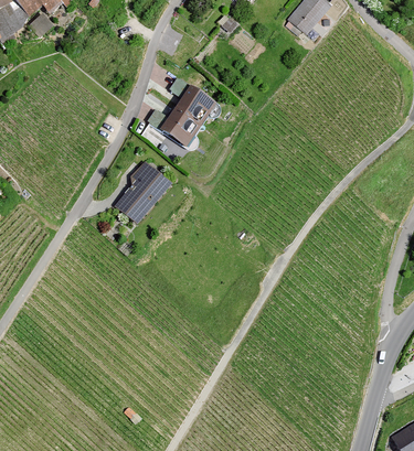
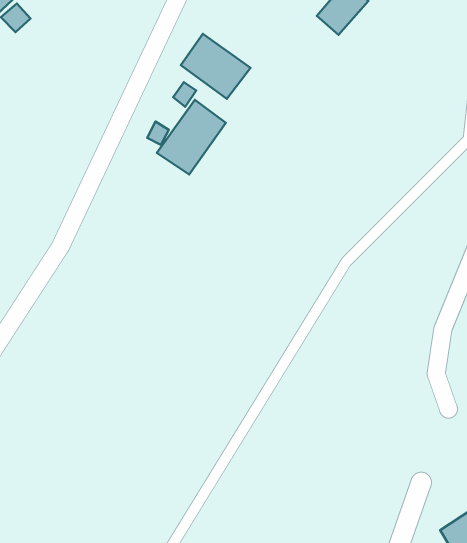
building: none -> [181,34,250,99]
building: [116,161,171,224] -> none

